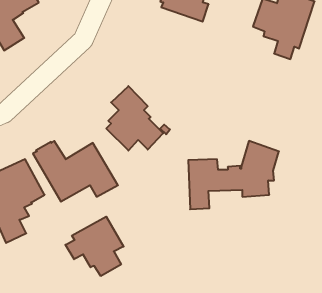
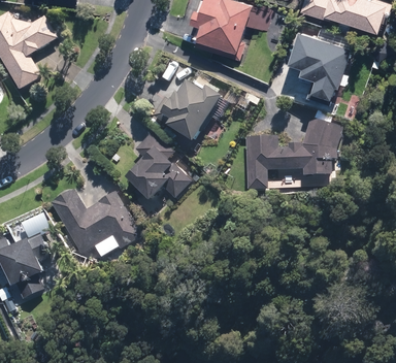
building: none -> [153,77,225,139]
building: [188,141,279,209] -> [245,116,342,189]
building: [65,217,124,276] -> none

